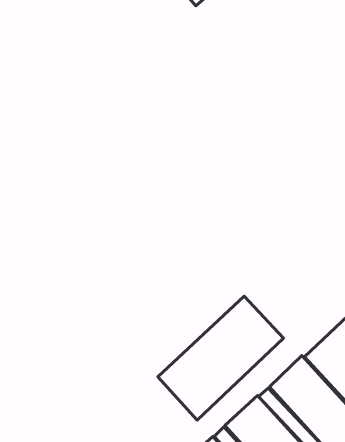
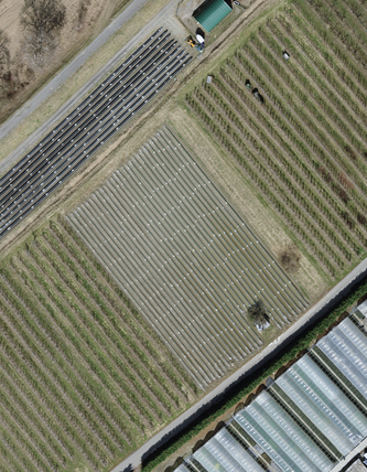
building: [158,296,284,420] -> none

